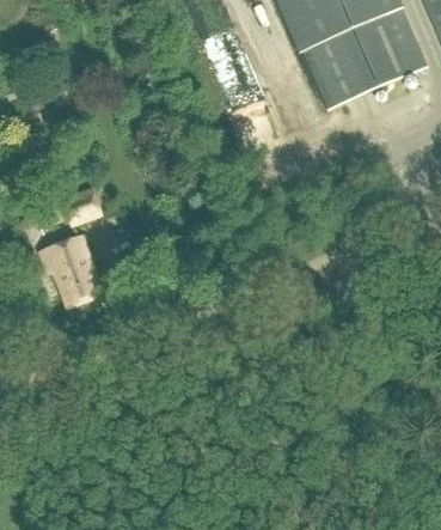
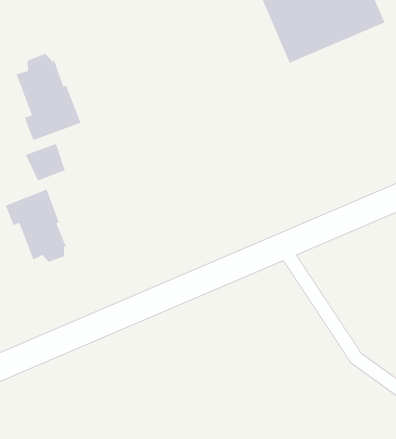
building: none -> [15,53,81,141]

